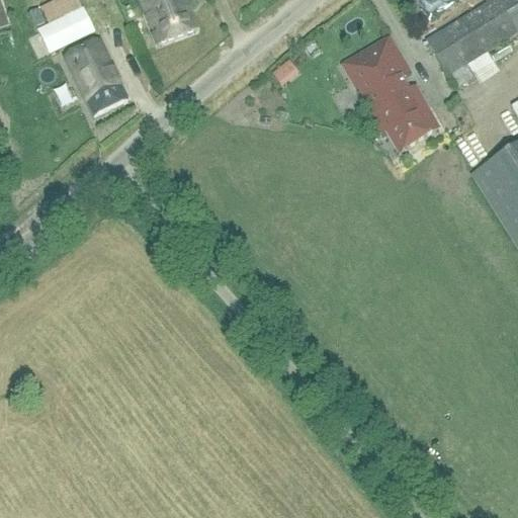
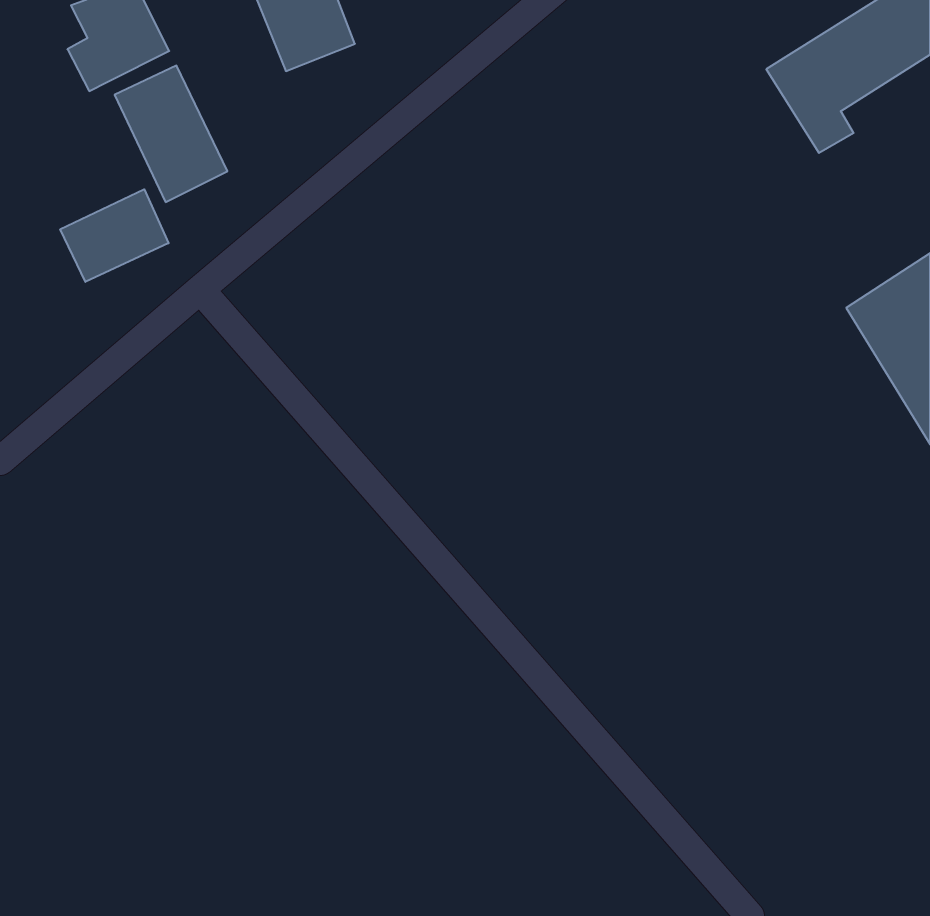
building: [341,34,441,151] -> none
building: none -> [60,189,169,282]

